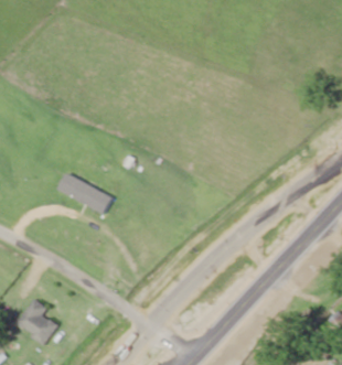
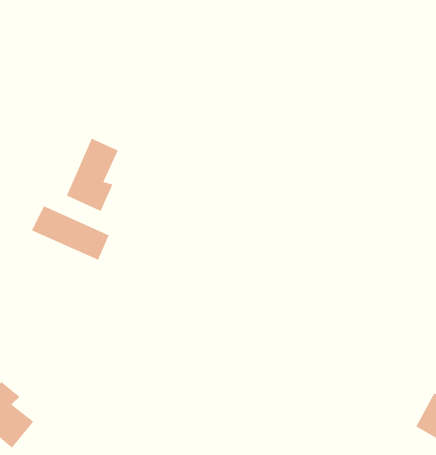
building: none -> [66,138,119,212]

